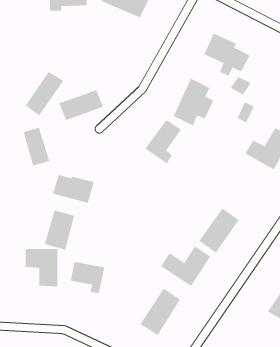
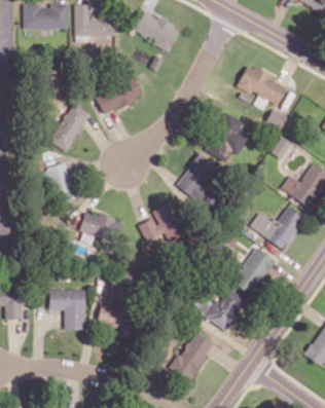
building: [59,89,104,121] -> [96,79,143,112]
building: none -> [139,202,182,242]
building: none -> [250,208,304,249]
building: [44,210,75,250] -> none

